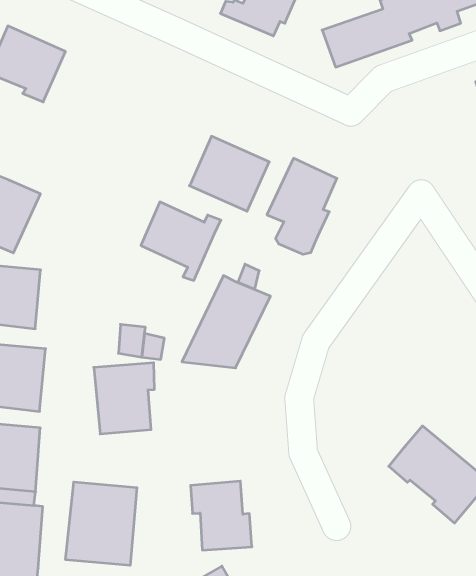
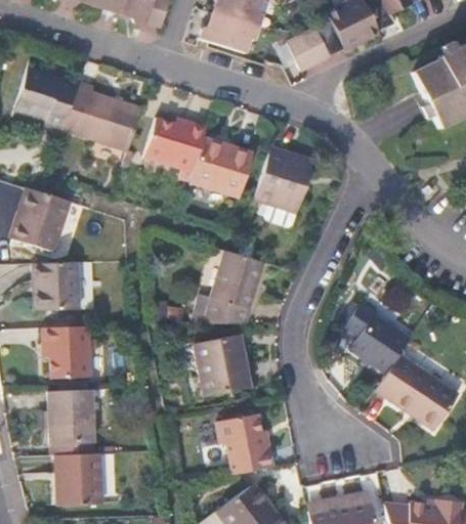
building: none -> [62,83,141,151]
building: [141,202,221,280] -> [144,119,207,179]
building: none -> [342,300,412,373]
building: [94,363,154,434] -> [198,334,250,396]
building: [66,482,137,565] -> none

